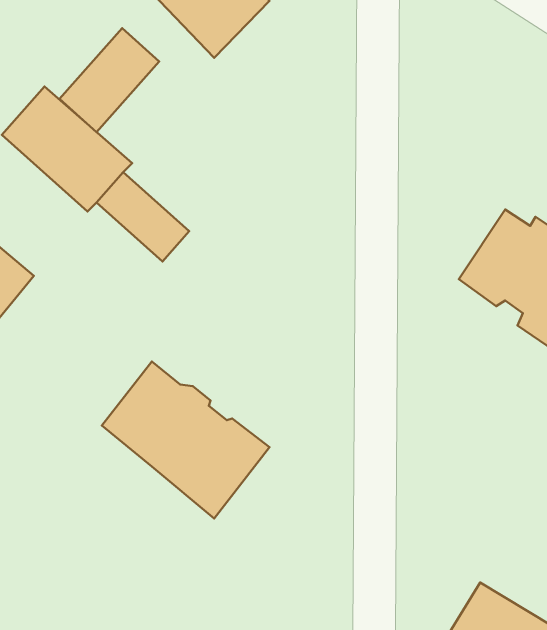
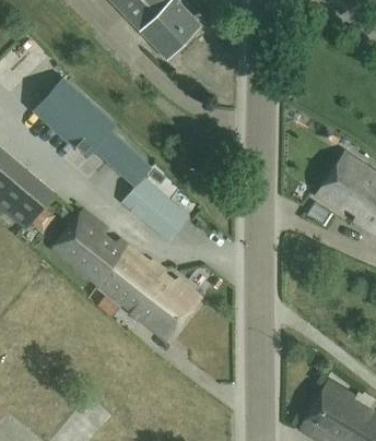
building: [59,28,159,132] -> none
building: none -> [122,178,180,240]
building: none -> [52,212,128,285]

